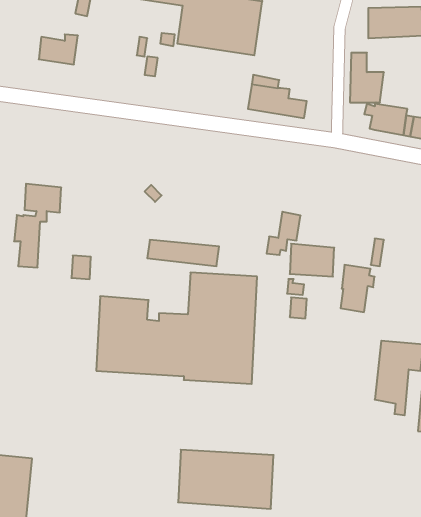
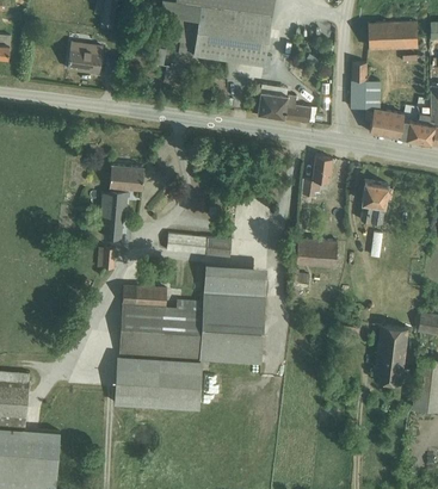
building: [14,184,61,267] -> [100,165,143,241]
building: [267,212,301,255] -> [301,156,332,196]
building: [341,265,375,312] -> [360,181,391,224]
building: [178,450,274,509] -> [115,357,202,410]

